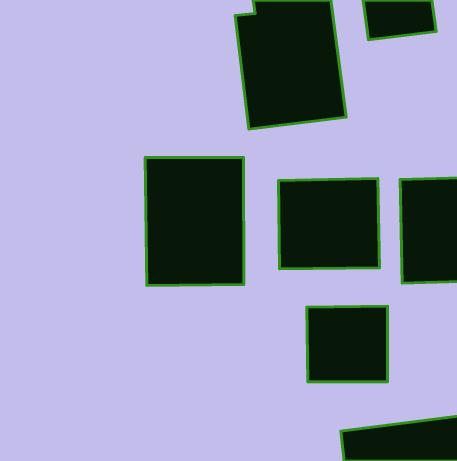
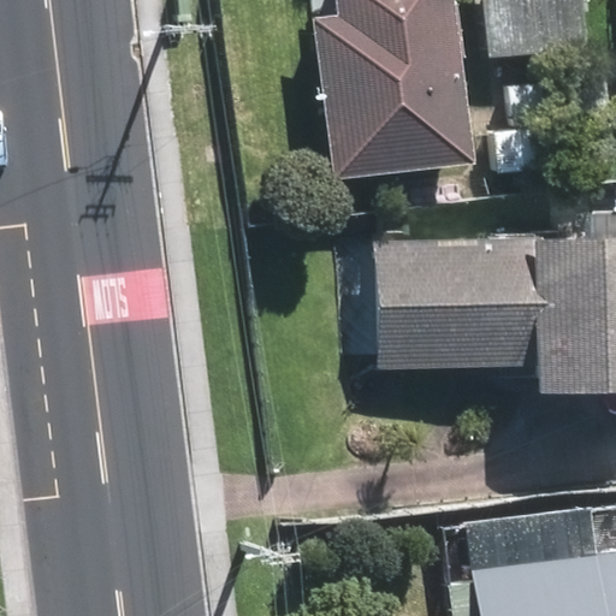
building: [145,157,244,285] -> none
building: [307,306,388,382] -> none

